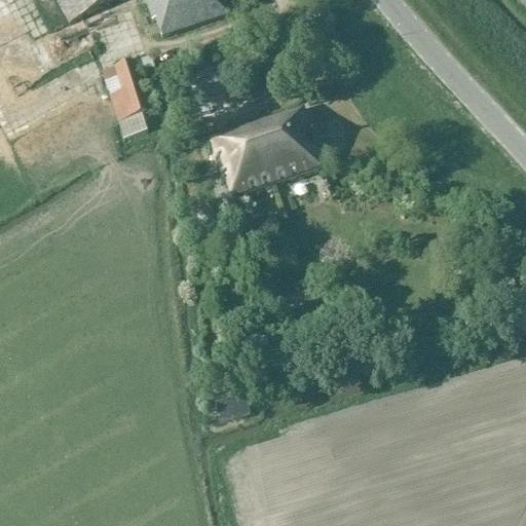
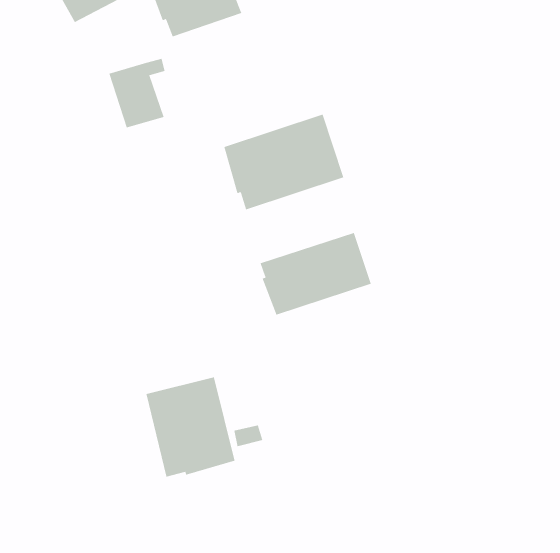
building: none -> [260,232,371,315]
building: none -> [146,376,235,477]

